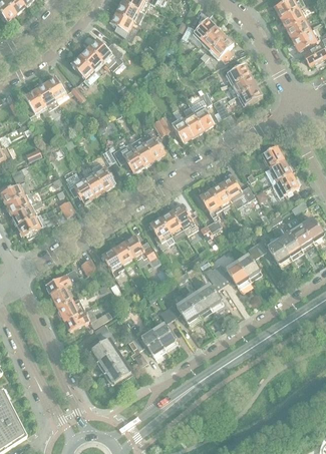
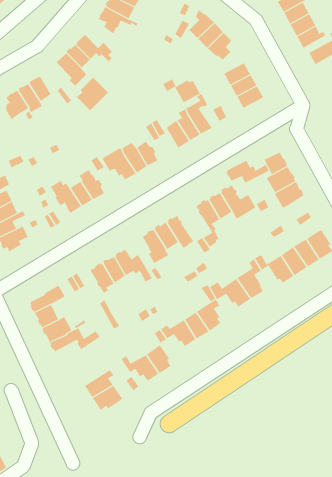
building: none -> [76,77,109,111]
building: none -> [162,79,201,103]
building: none -> [225,160,270,184]
building: [89,323,115,361] -> none

